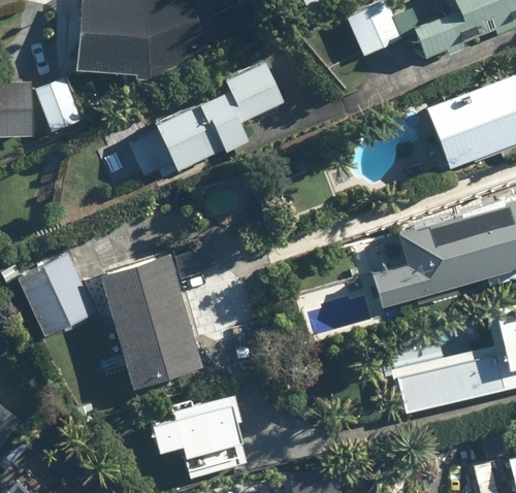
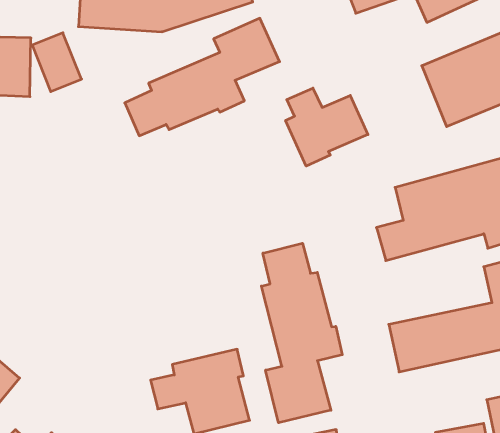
building: none -> [286,88,368,166]
building: [15,254,98,341] -> none
building: [101,254,204,389] -> none
building: none -> [261,243,342,423]

